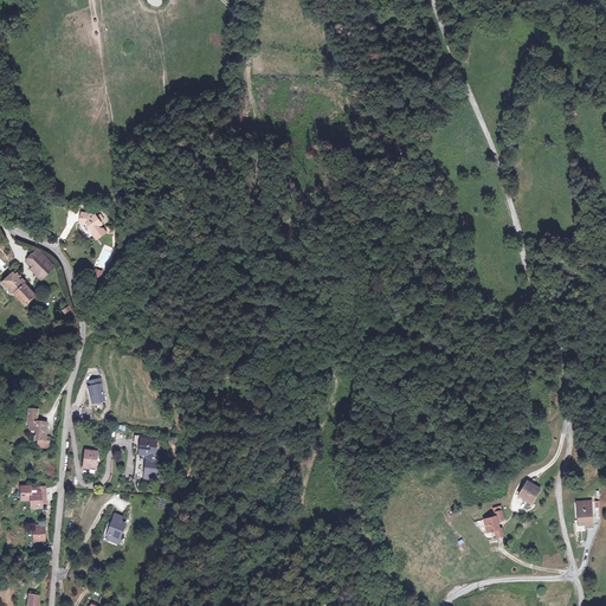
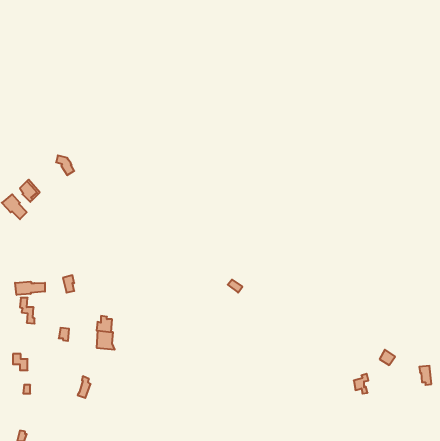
building: none -> [15,282,45,295]

